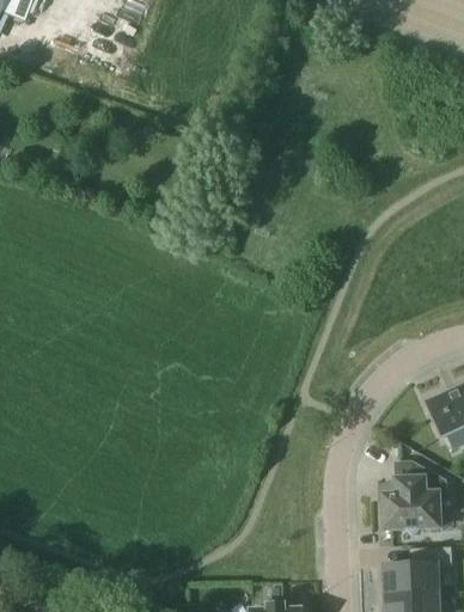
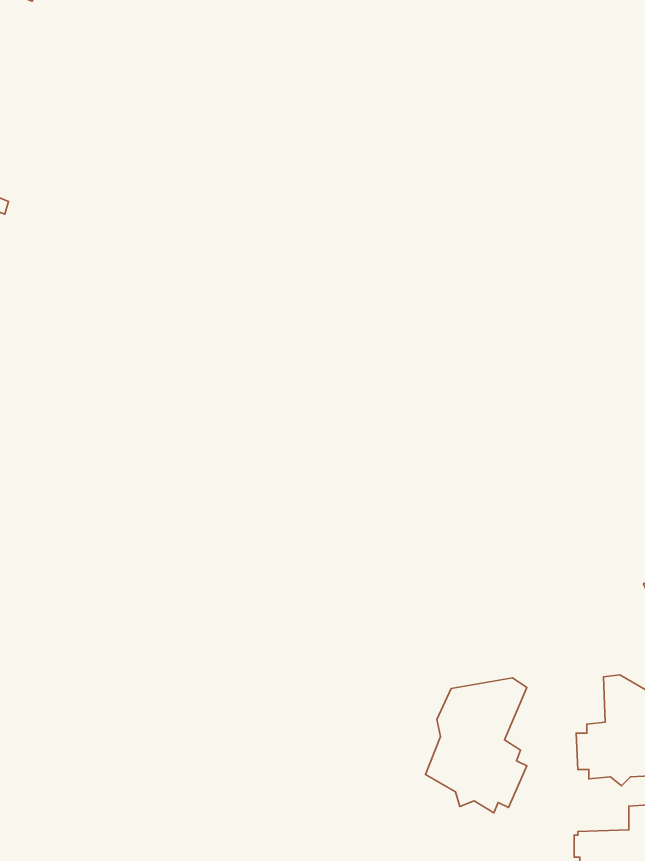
building: none -> [426,678,527,813]

